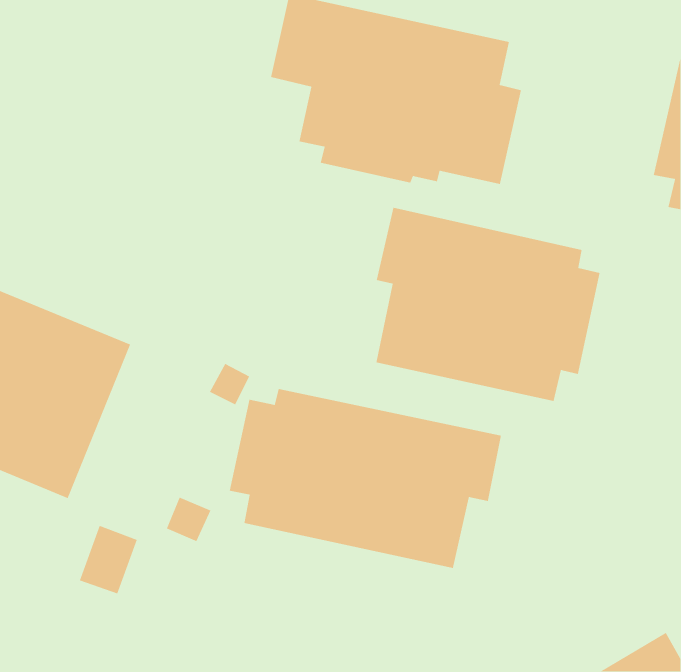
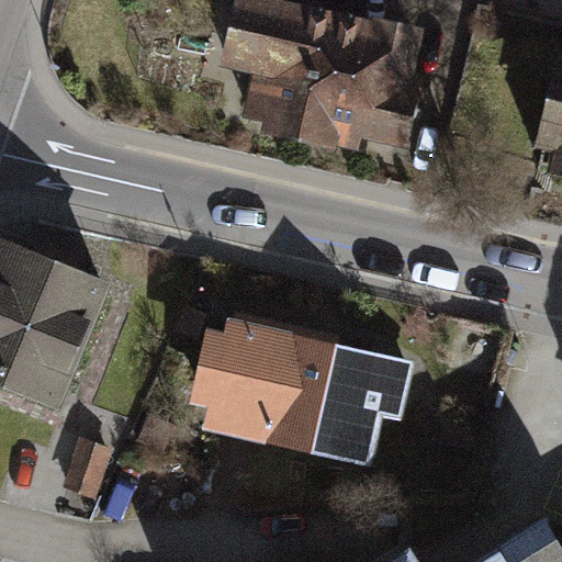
building: [375,207,601,402] -> none

